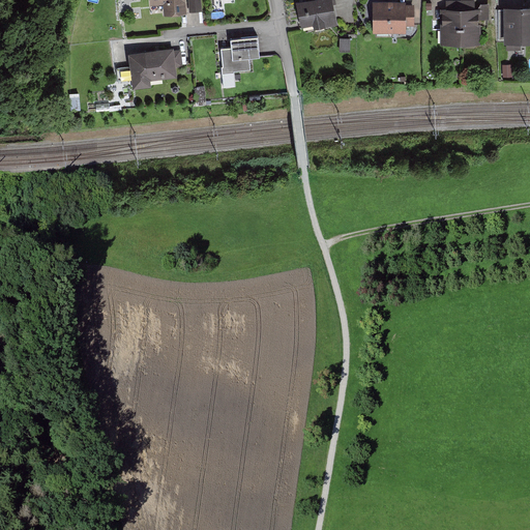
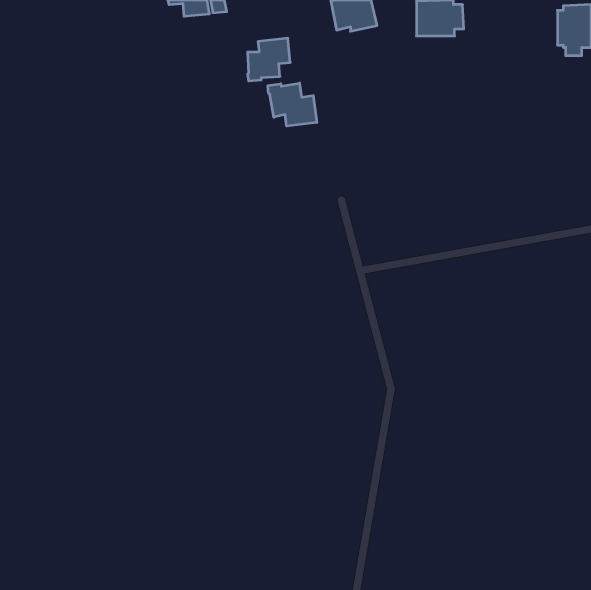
building: [441,8,481,45] -> none
building: [128,48,183,84] -> none
building: none -> [268,83,317,126]

